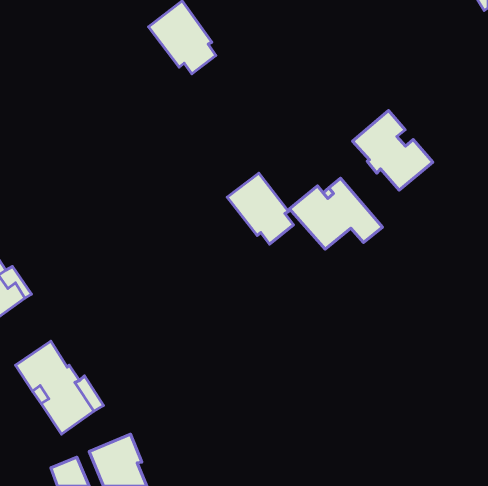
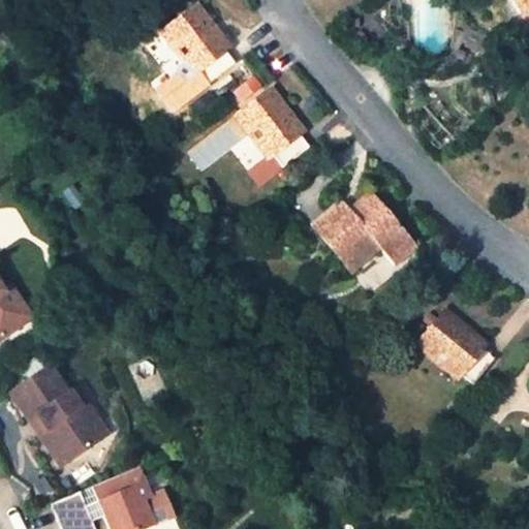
building: [352,111,433,190] -> none
building: [227,173,293,244] -> [235,88,306,164]
building: none -> [415,308,492,381]

